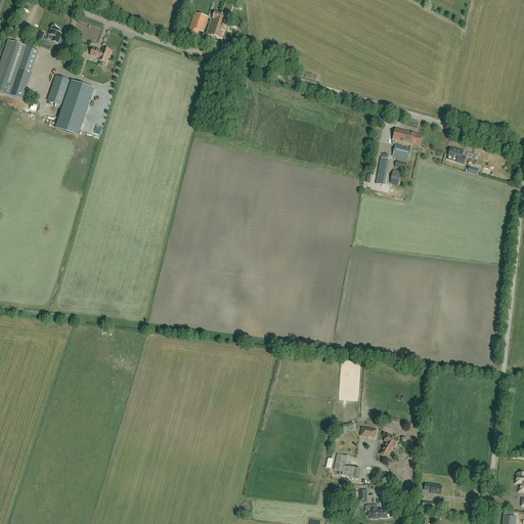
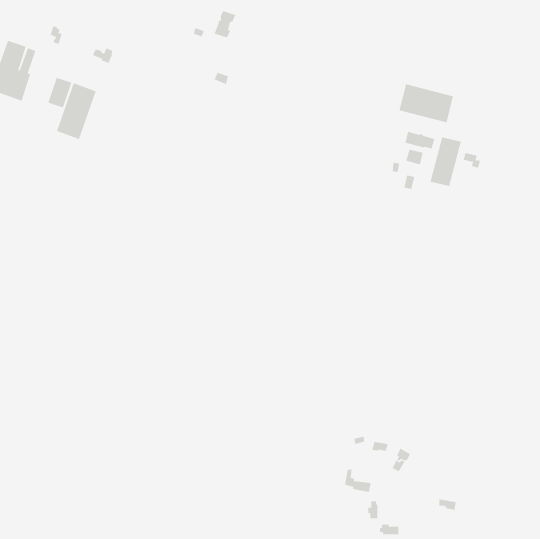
building: none -> [399,83,454,123]
building: none -> [430,136,461,187]

